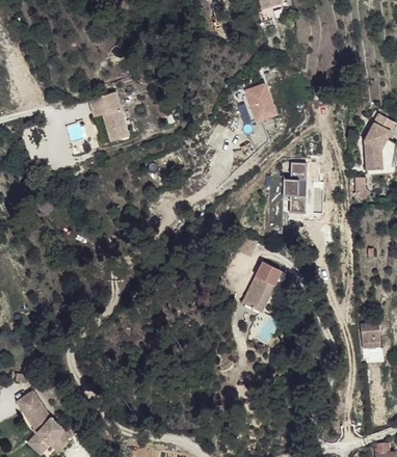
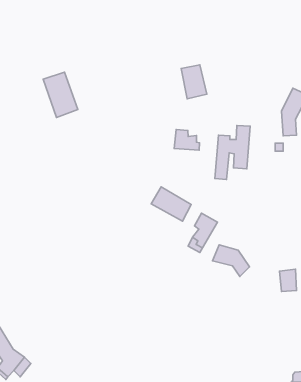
building: none -> [174,130,200,150]
building: none -> [151,187,191,221]
building: none -> [212,245,249,276]

